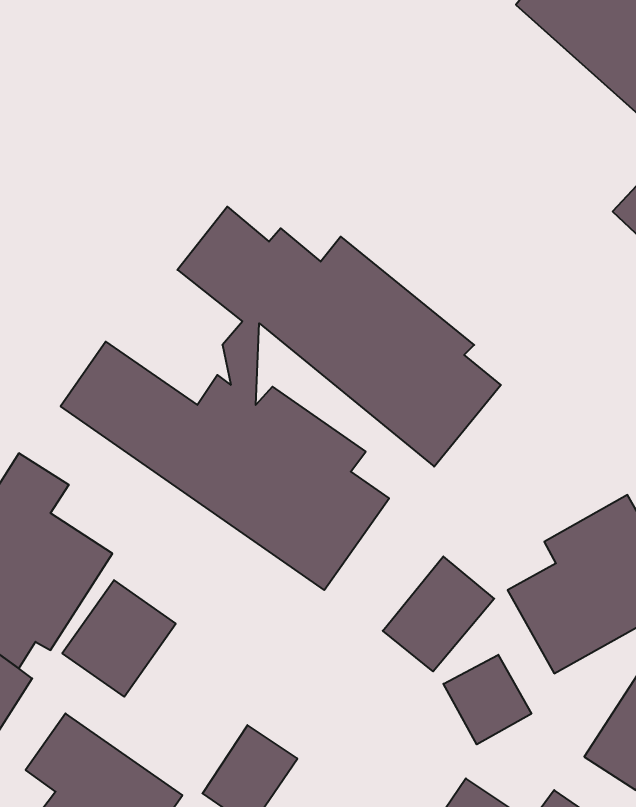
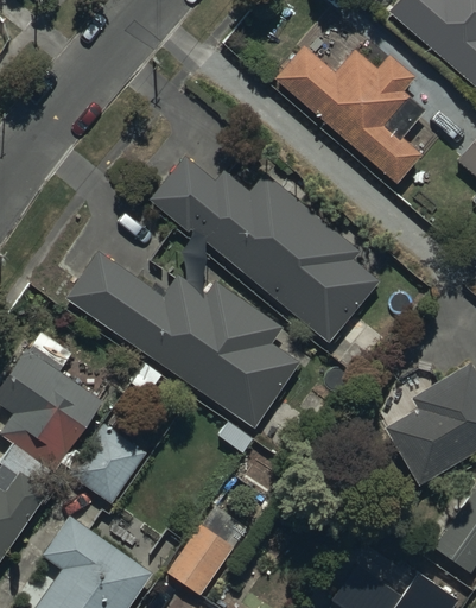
building: none -> [275,46,424,185]
building: [383,556,494,671] -> none
building: [443,655,531,744] -> none

